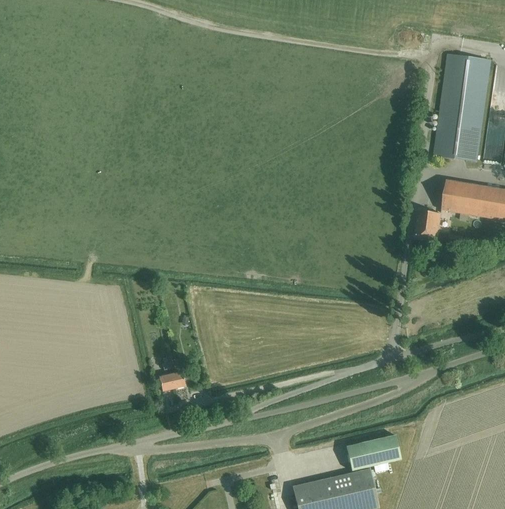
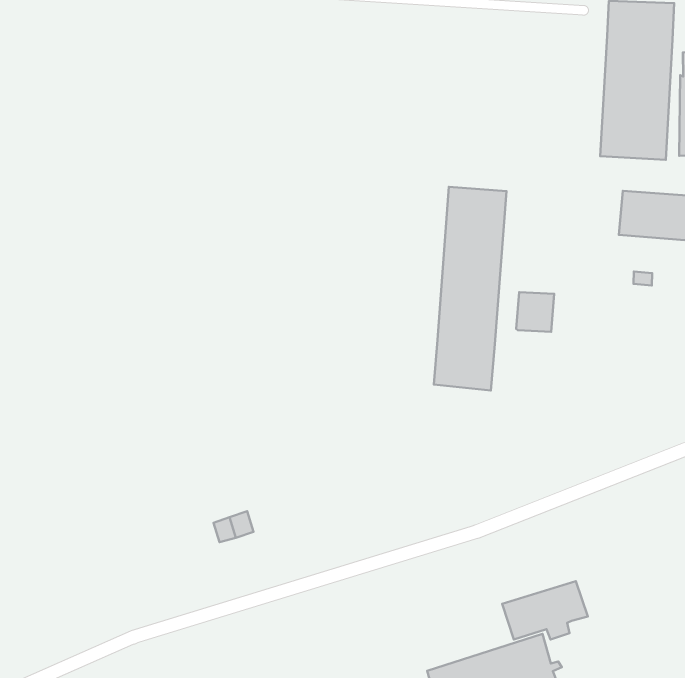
building: none -> [434,187,506,391]
building: [414,210,441,238] -> [516,292,554,332]

